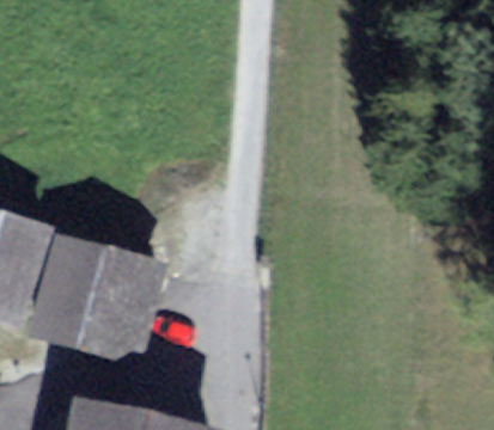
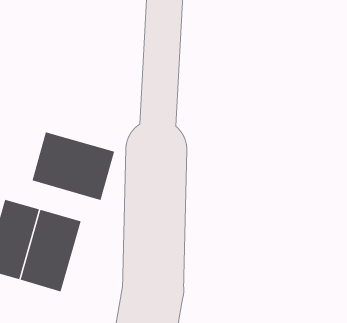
building: none -> [32,132,115,201]

